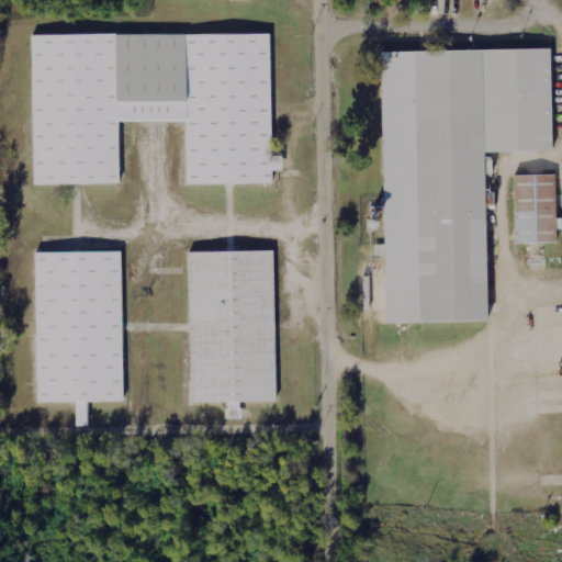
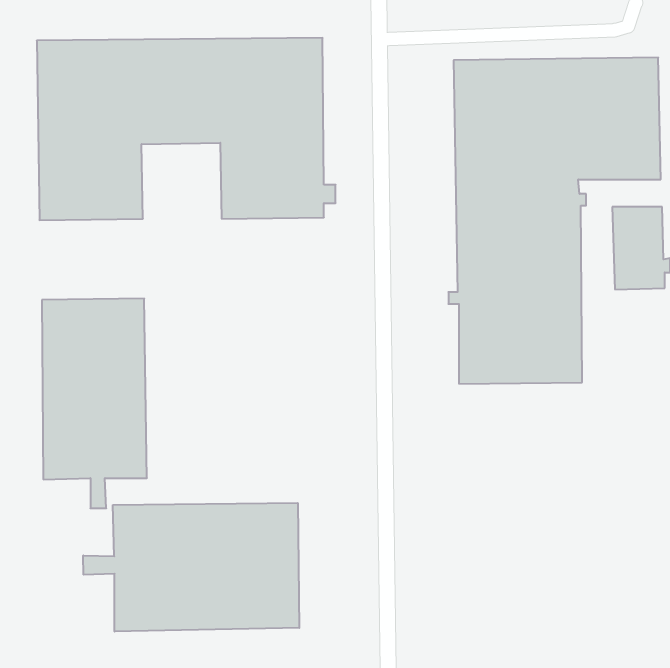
building: [188,250,276,418] -> none
building: none -> [83,503,299,632]

